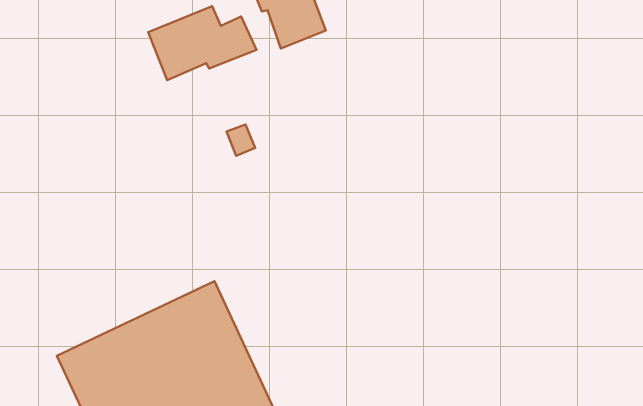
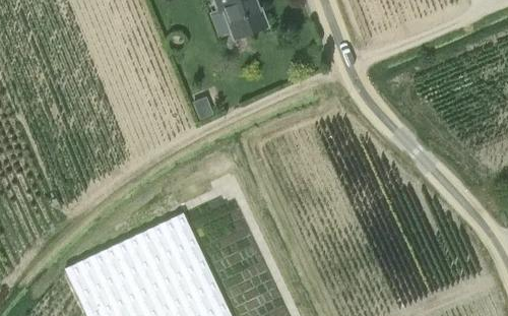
building: [148,6,257,80] -> none

